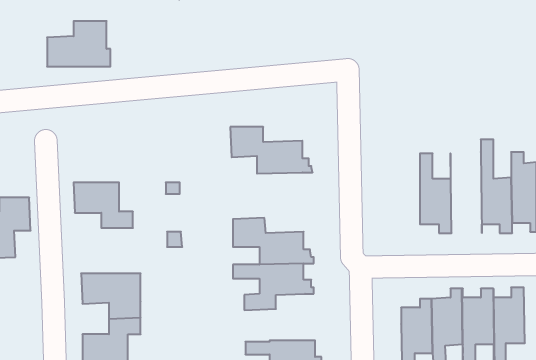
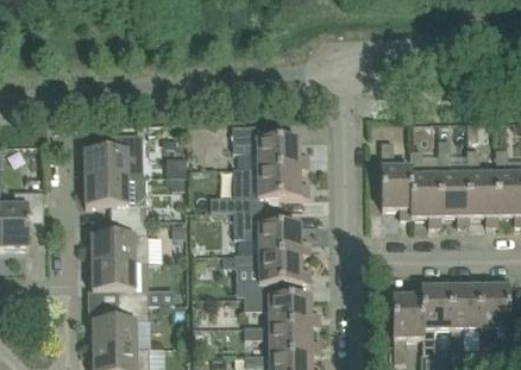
building: [47,21,110,67] -> [83,133,143,176]
building: none -> [379,140,409,217]
building: none -> [438,148,467,224]
building: none -> [232,167,308,211]
building: none -> [90,219,146,262]
building: none -> [244,295,319,325]

